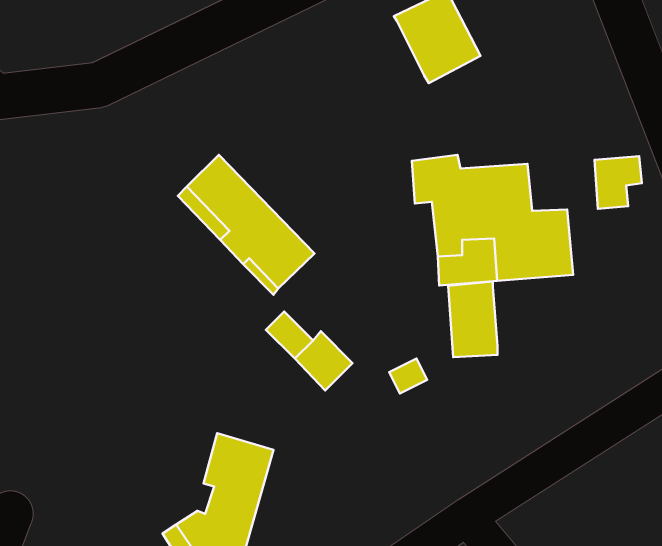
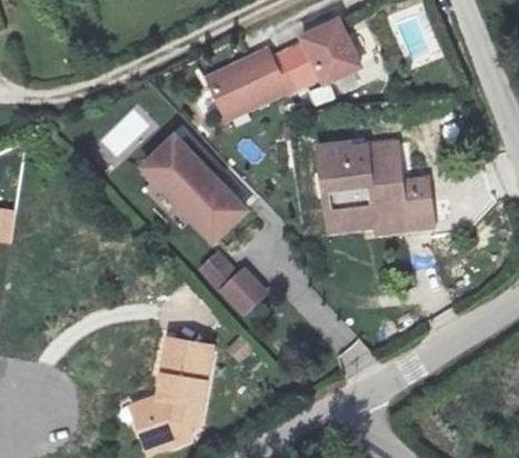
building: none -> [207,40,321,122]
building: [594,156,642,209] -> none
building: [448,281,498,357] -> none

